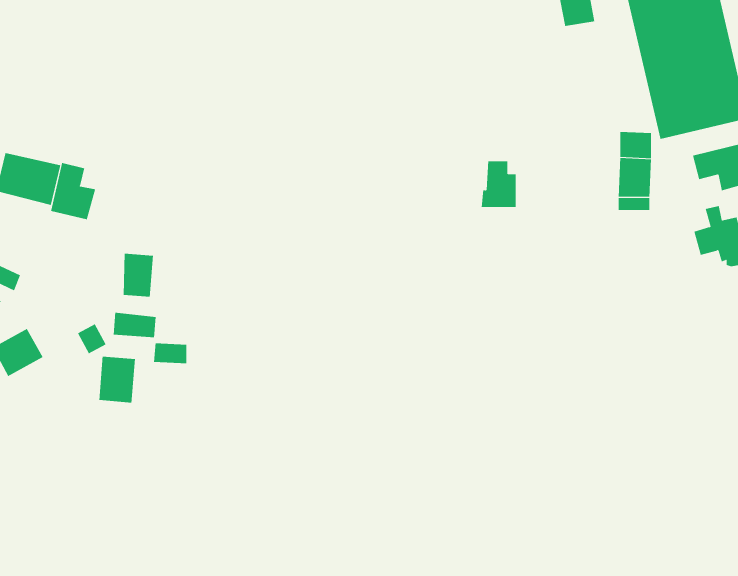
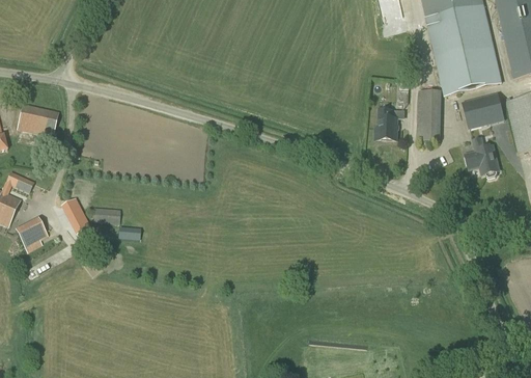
building: [481,161,516,208] -> [374,109,397,139]
building: [50,162,96,220] -> none
building: [123,253,153,298] -> none
building: [99,356,135,403] -> none

